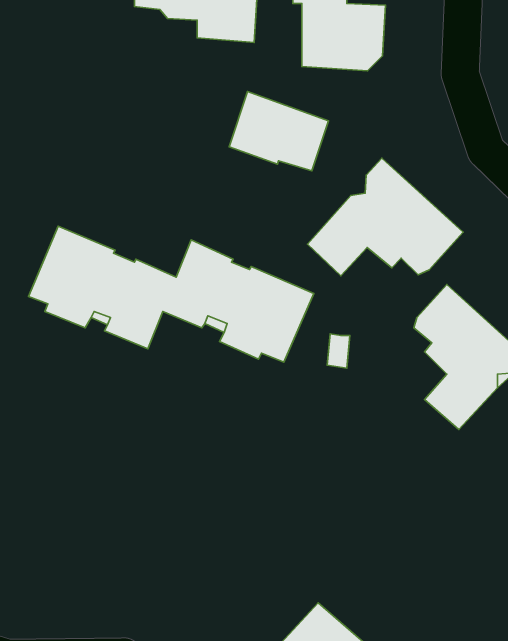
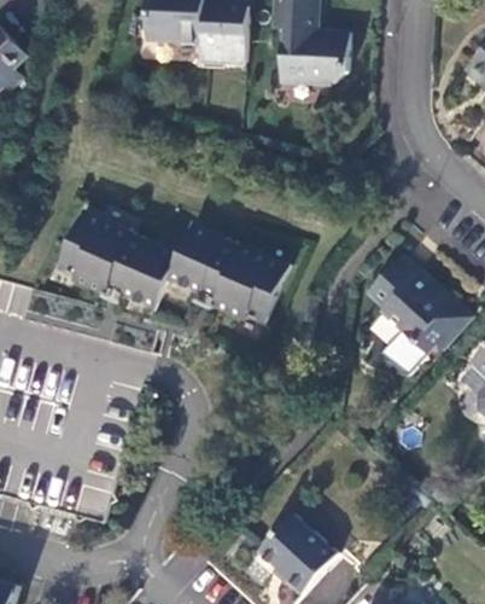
building: [229,91,329,171] -> none
building: [307,158,463,276] -> none

